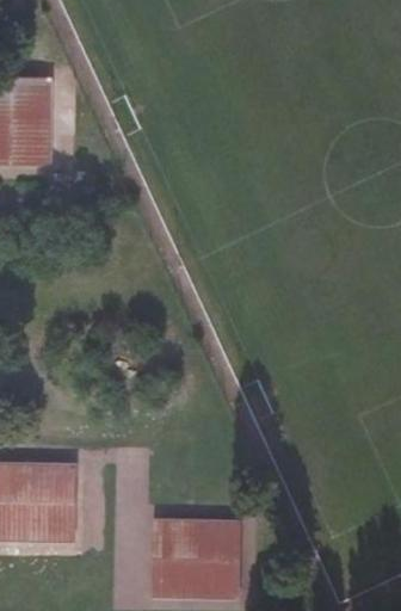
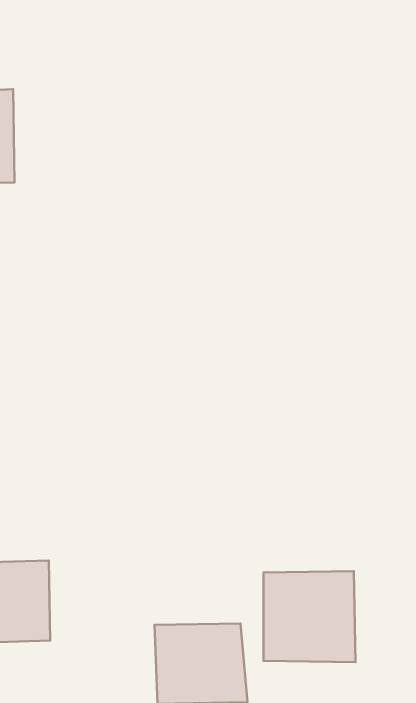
building: none -> [264,571,355,662]

